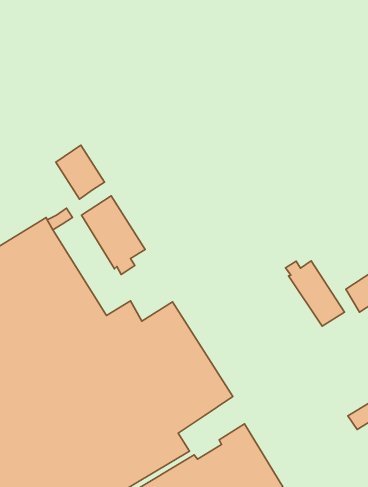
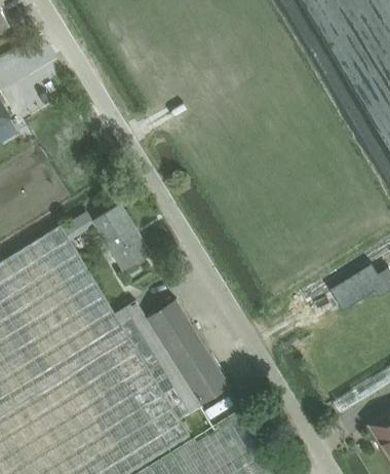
building: [56,145,104,199] -> none
building: [286,261,345,326] -> none

